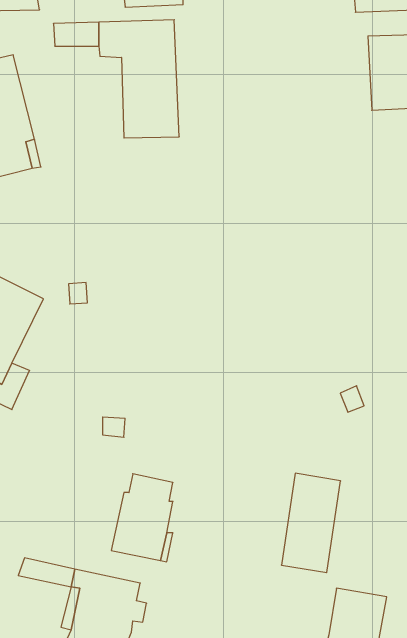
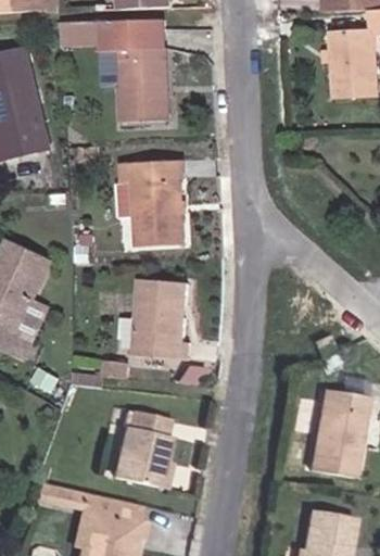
building: none -> [123,161,183,244]
building: none -> [132,279,190,358]
building: [281,473,341,573] -> [308,394,359,480]

